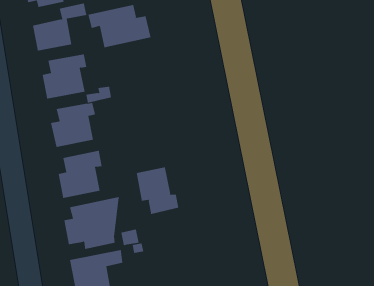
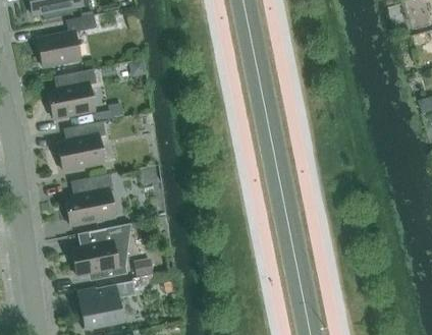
building: [88,4,151,48] -> none
building: [136,166,179,215] -> none

